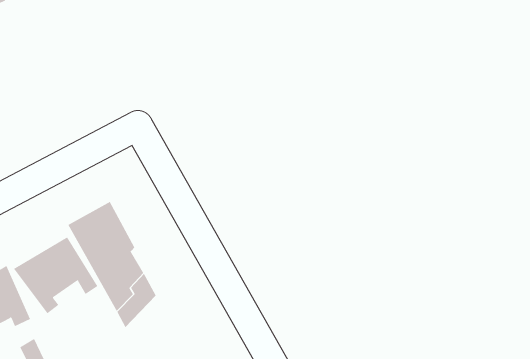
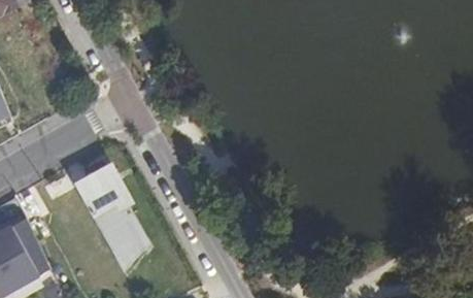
building: [13,236,98,314] -> none

